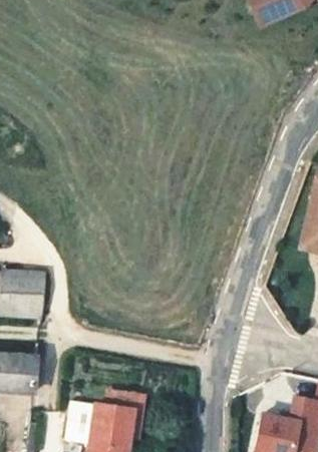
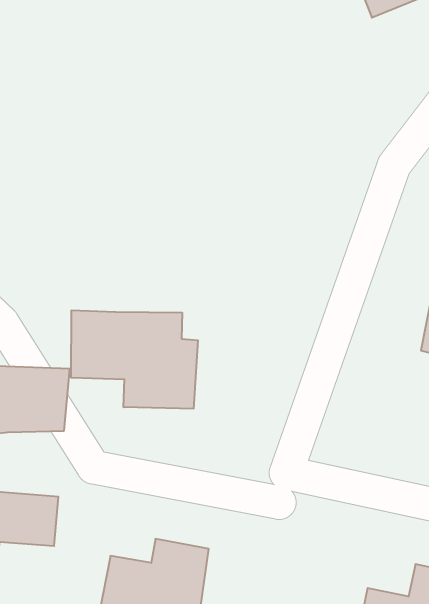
building: none -> [71,310,198,409]

